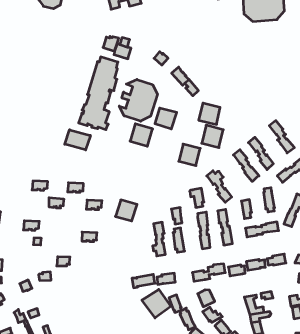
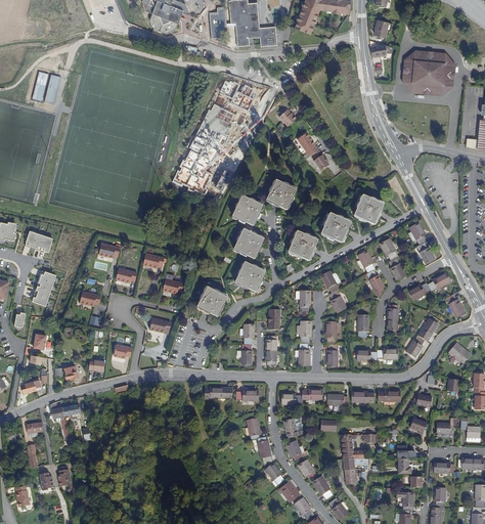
building: [119,79,157,121] -> none
building: [199,103,220,124] -> [354,194,384,224]
building: [65,130,90,150] -> none
building: none -> [234,228,264,258]
building: none -> [235,261,266,292]
building: [142,289,171,318] -> none

